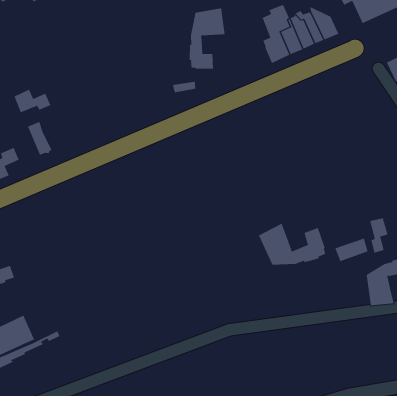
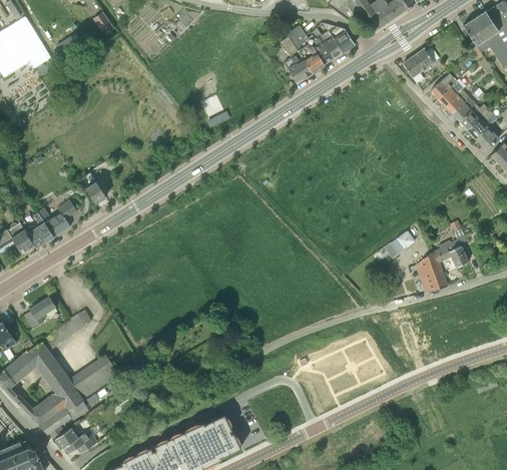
building: [189,8,225,70] -> none
building: [14,89,51,113] -> none
building: [370,218,388,253] -> none
building: [258,223,326,265] -> none

